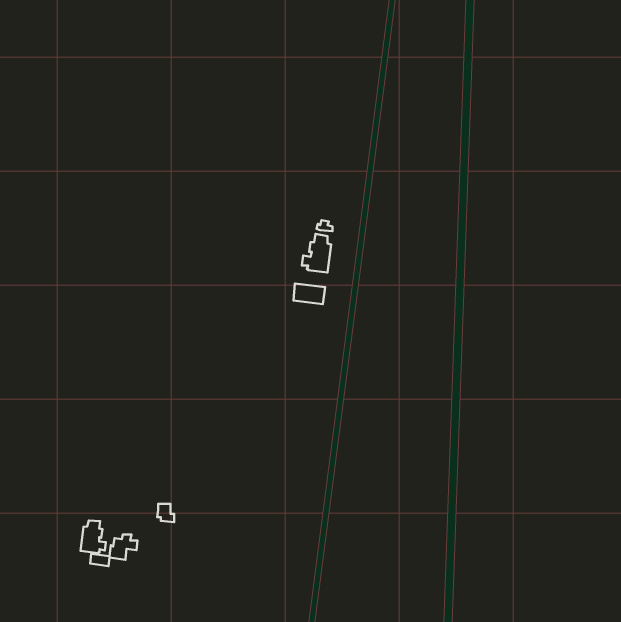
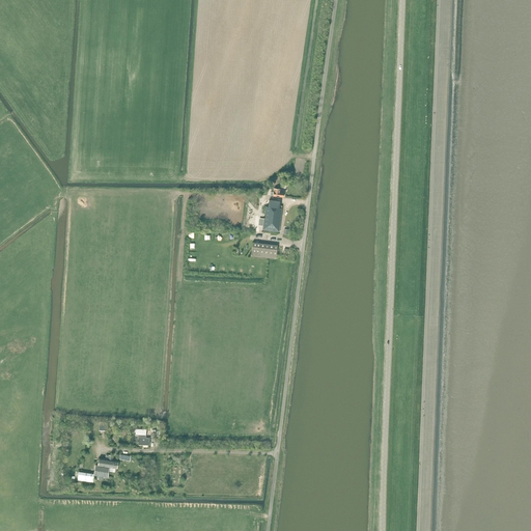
building: [81,520,106,553] -> none

